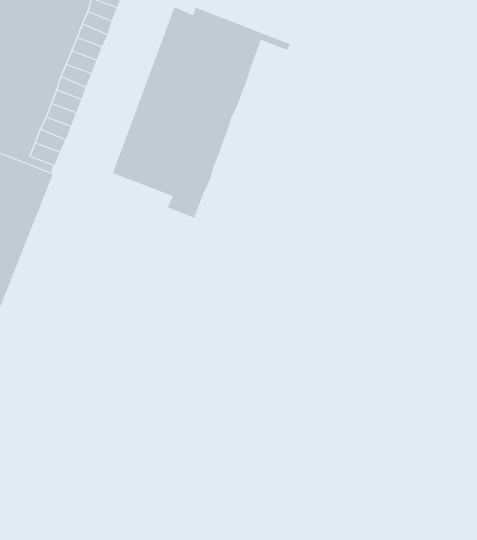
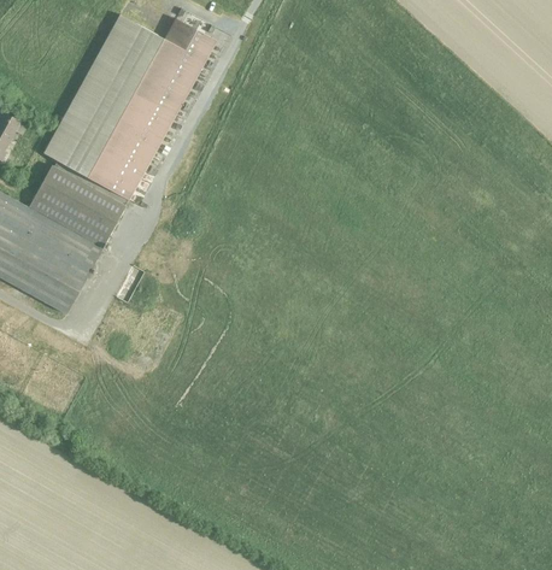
building: [112,7,291,219] -> none

